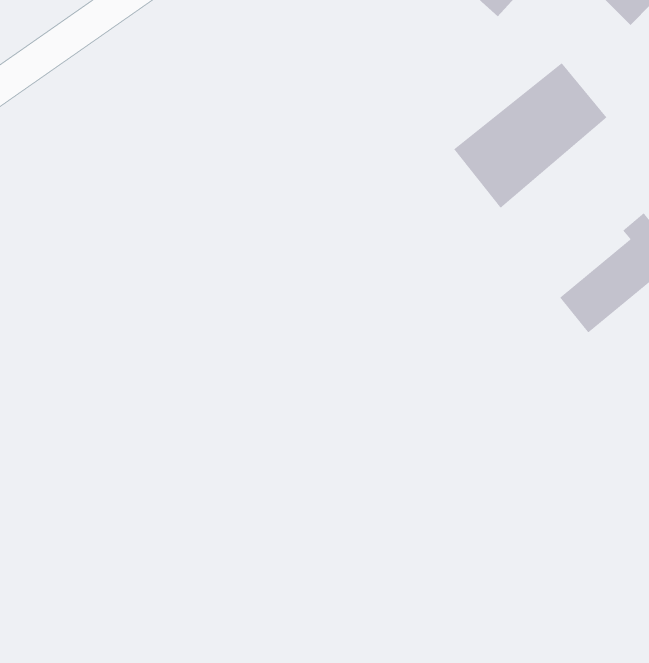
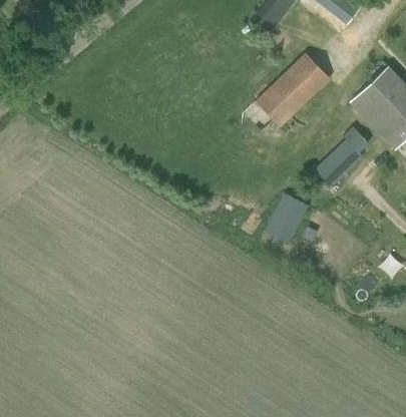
building: none -> [264,191,309,244]

